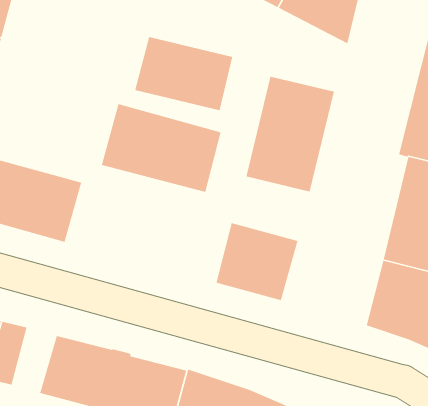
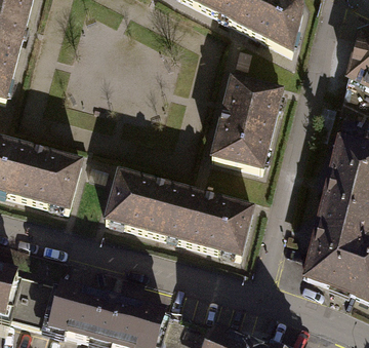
building: [134,36,233,111] -> none
building: [101,103,221,193] -> [106,169,201,240]
building: none -> [28,275,63,327]

